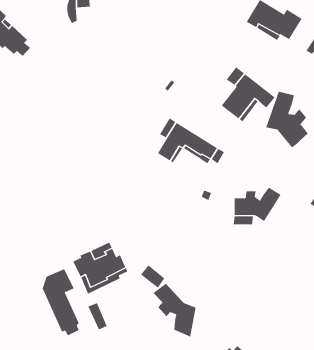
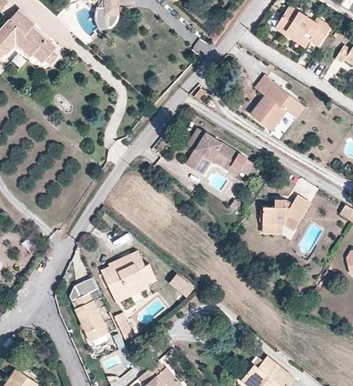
building: [265,91,309,149] -> none
building: [152,283,196,337] -> none

